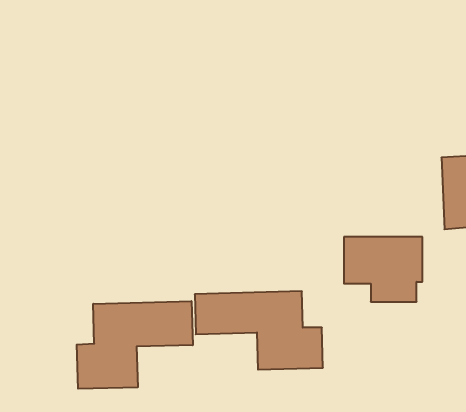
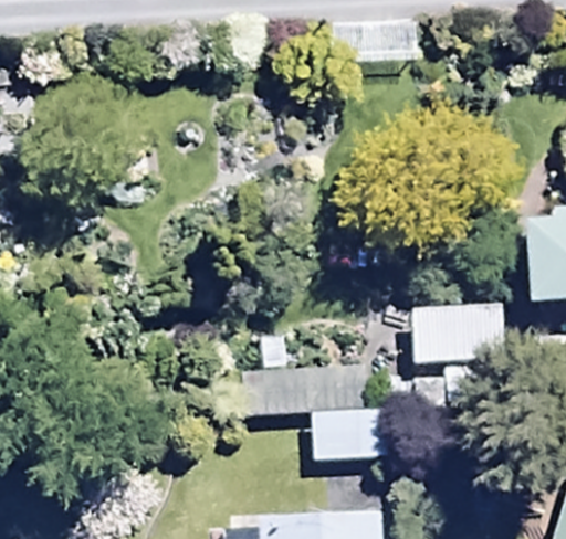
building: [77,301,193,389] -> none

